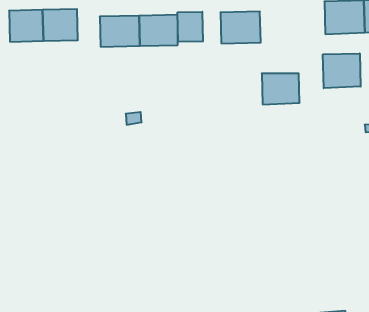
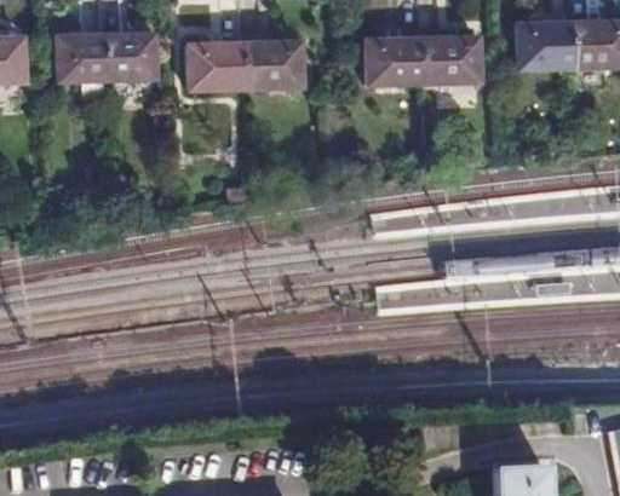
building: [178,12,203,42] -> none
building: [323,53,361,88] -> none
building: [262,73,300,104] -> [423,36,477,81]

